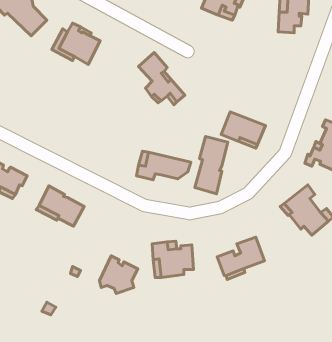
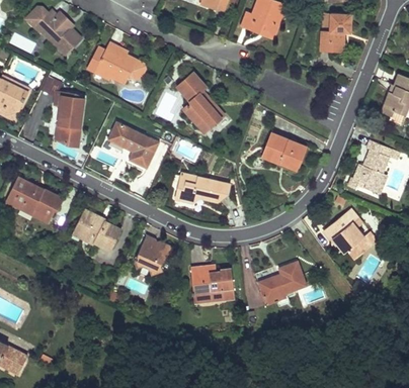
building: none -> [54,92,84,144]
building: none -> [106,121,159,168]
building: [195,137,228,194] -> none
building: [99,256,138,293] -> [134,234,173,273]

